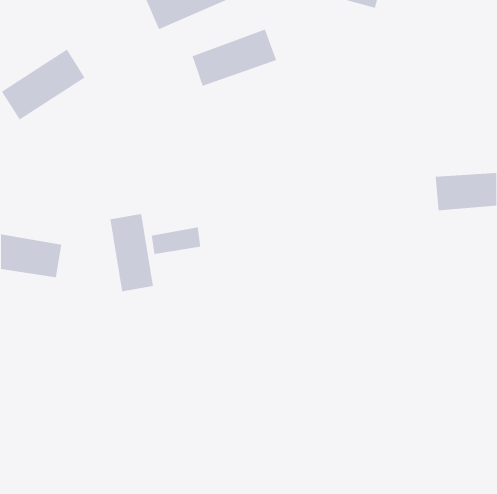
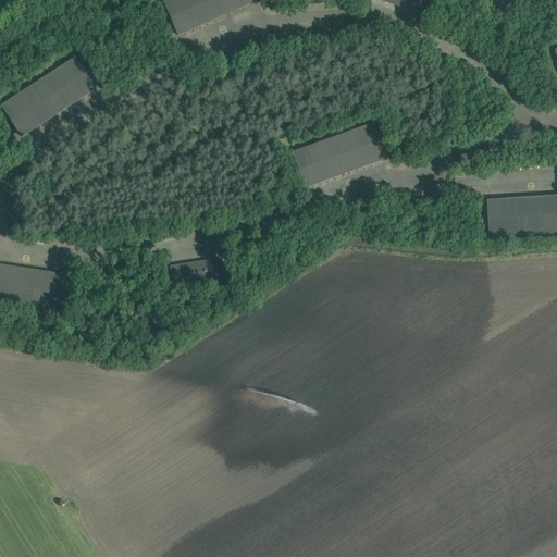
building: [192,28,277,87] -> [292,120,387,185]
building: [109,213,154,292] -> none

